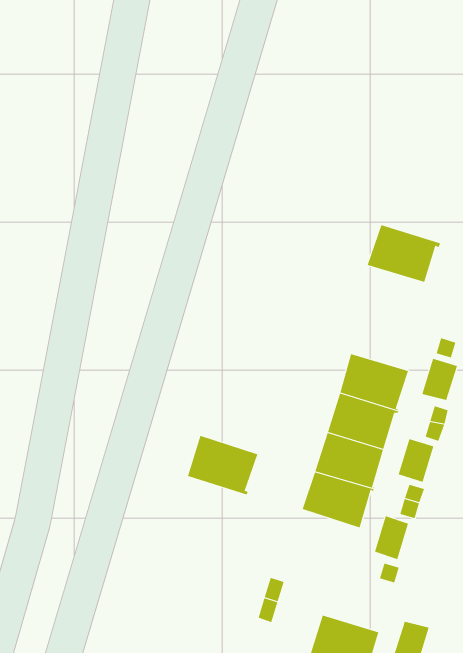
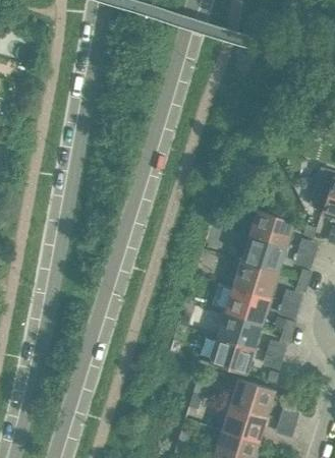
building: [367,224,441,283] -> [248,210,296,247]
building: [187,435,258,495] -> [209,337,255,376]
building: none -> [230,380,277,416]

